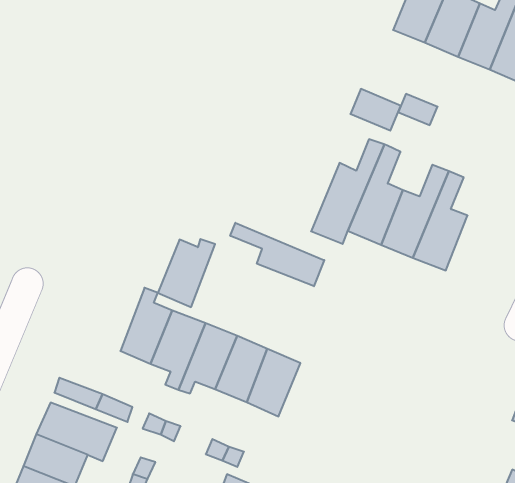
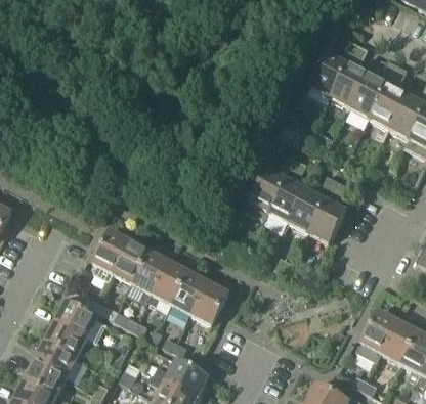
building: [230,223,324,286] -> none
building: [158,239,215,307] -> [93,230,133,274]

